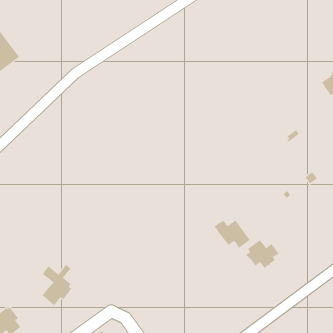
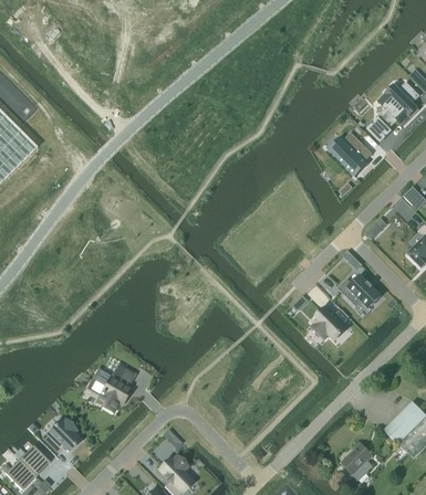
building: none -> [328,131,372,176]
building: [214,219,250,249] -> [337,276,380,307]

